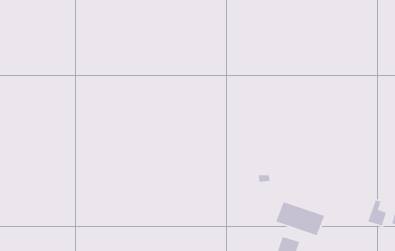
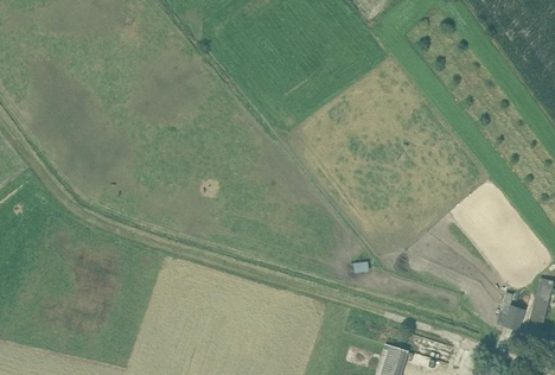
building: [275,201,325,236] -> none

